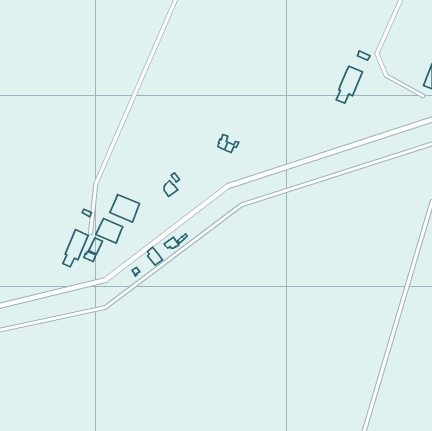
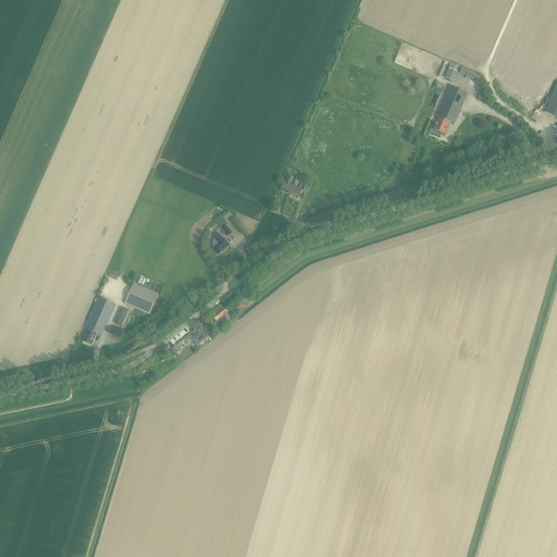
building: [110,195,139,222] -> none

